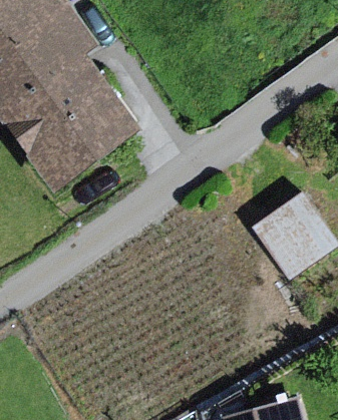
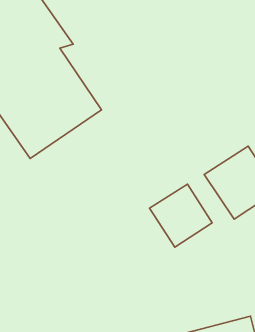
building: none -> [149,184,212,247]

